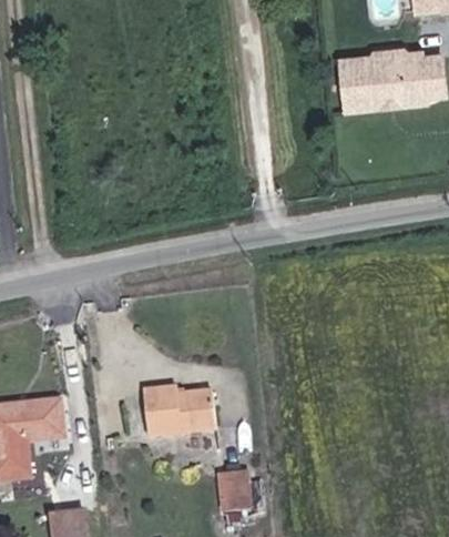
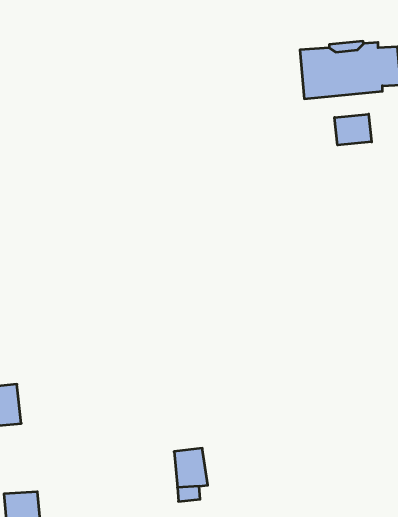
building: none -> [335,114,372,145]
building: [141,389,213,433] -> none

